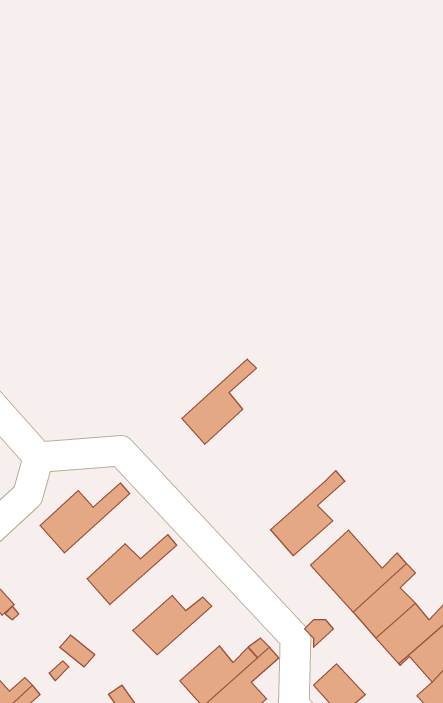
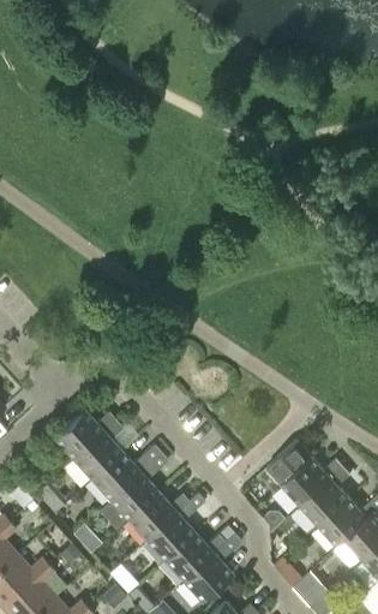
building: [182,359,256,444] -> [73,413,132,481]
building: [270,471,345,556] -> [146,494,205,561]
building: none -> [100,454,168,529]

